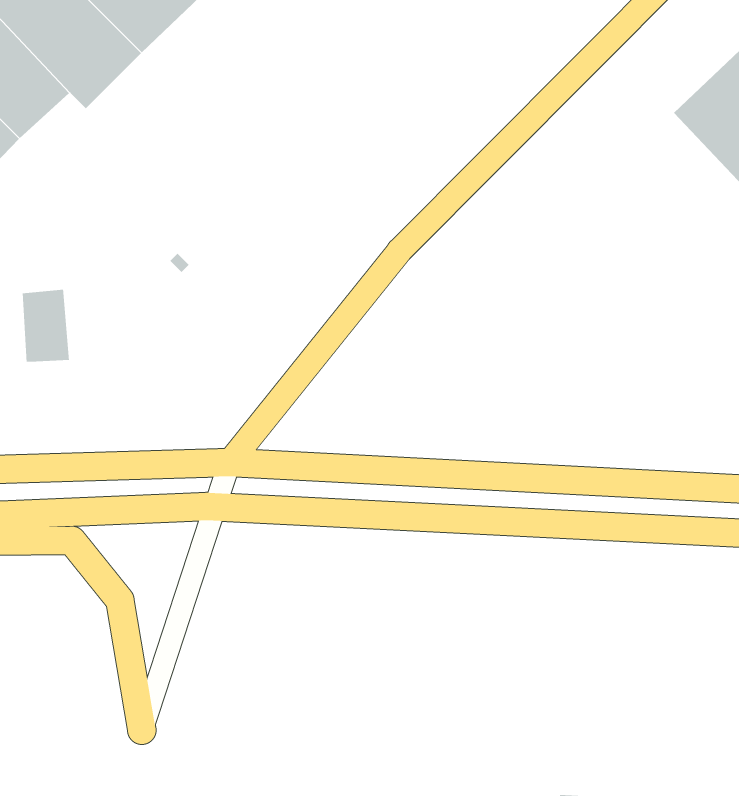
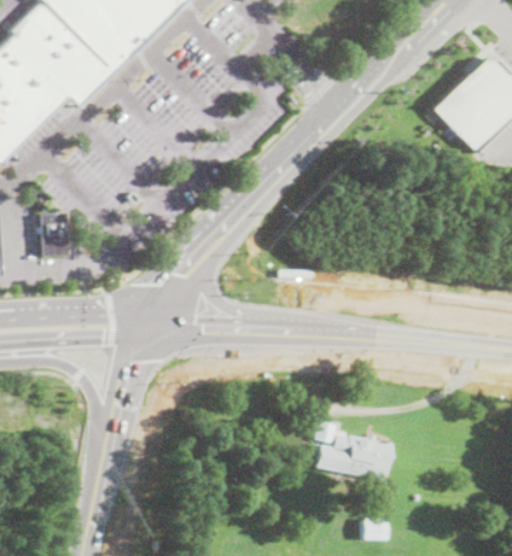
building: none -> [316,421,395,480]

